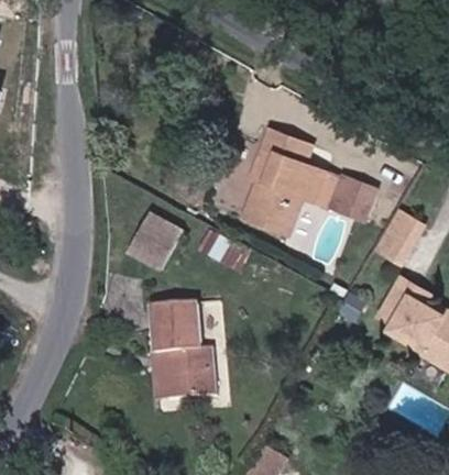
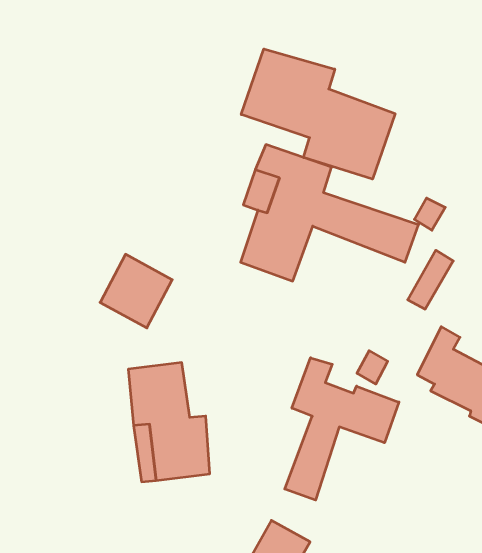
building: none -> [241,49,395,179]
building: none -> [285,358,399,500]

